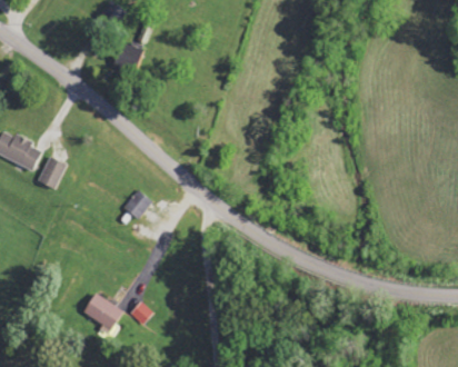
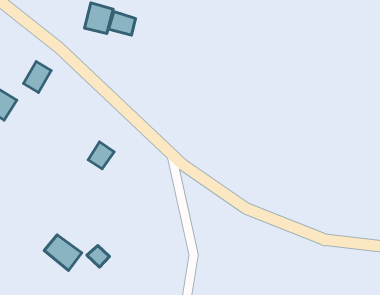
building: none -> [108,11,136,35]
building: [38,156,67,189] -> [24,62,51,92]

